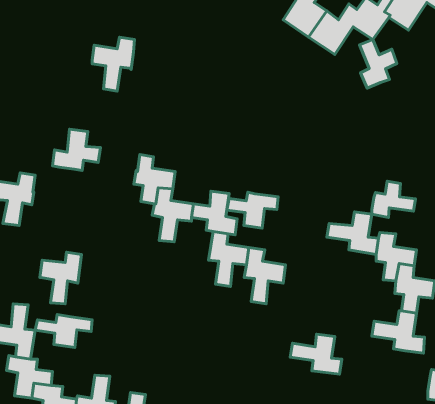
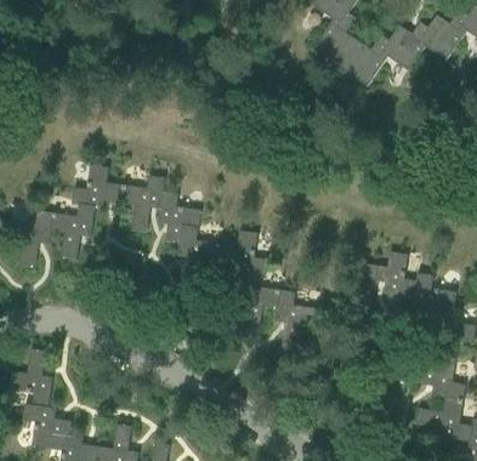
building: [92,37,135,91] -> [119,175,164,232]
building: [359,39,397,88] -> none
building: [372,181,415,217] -> none
building: [227,192,278,228] -> none
building: [40,252,81,304] -> [50,204,93,258]
building: [35,315,92,348] -> none
building: [290,334,342,374] -> [415,398,470,440]

